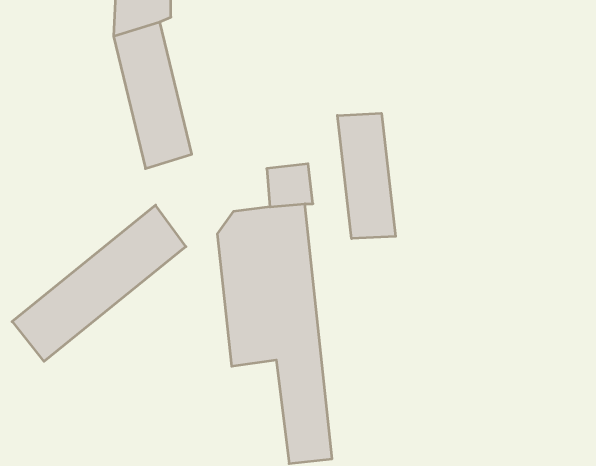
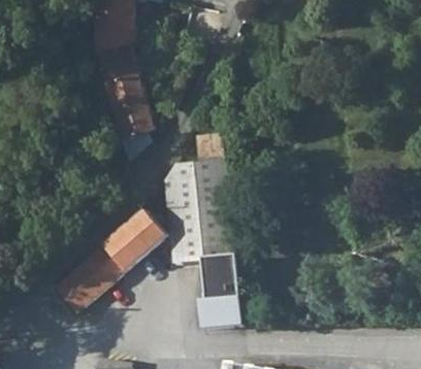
building: [337,113,396,239] -> none
building: [12,205,186,361] -> [54,213,166,314]

